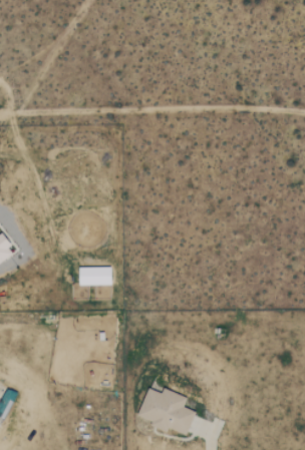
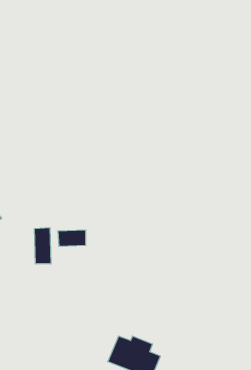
building: none -> [34,228,51,264]

